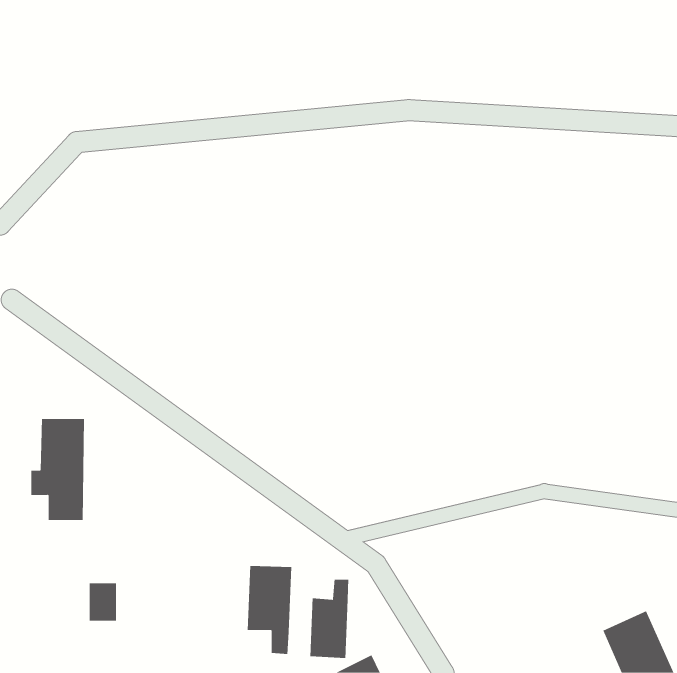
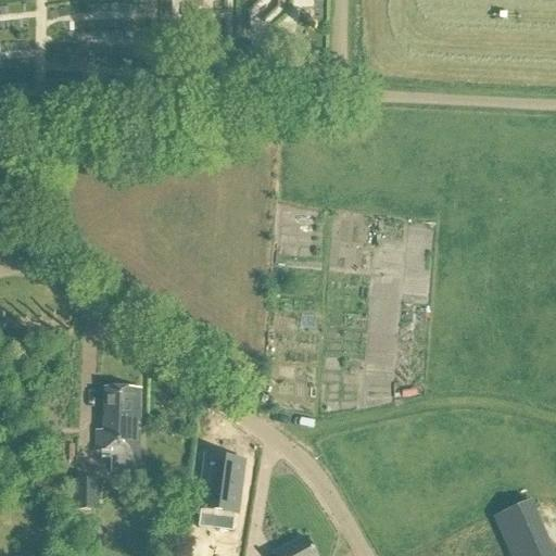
building: [31,418,85,521] -> [97,387,141,470]
building: [310,579,349,659] -> none

